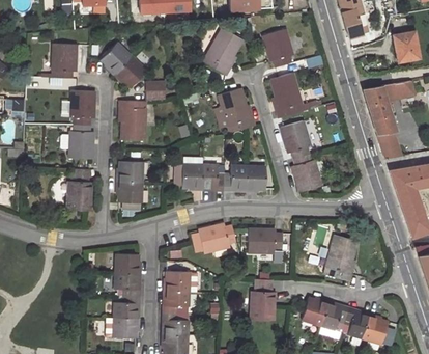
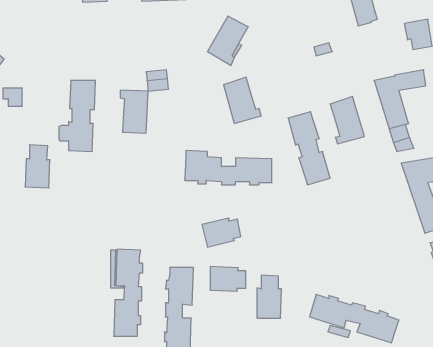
building: [263,29,292,66] -> none
building: [101,43,145,87] -> none
building: [52,44,77,78] -> none
building: [270,72,304,117] -> [330,97,364,144]
building: [116,161,143,202] -> none
building: [67,168,91,210] -> [25,145,50,188]
building: [248,228,282,252] -> [210,267,246,291]
building: [324,235,356,280] -> none

